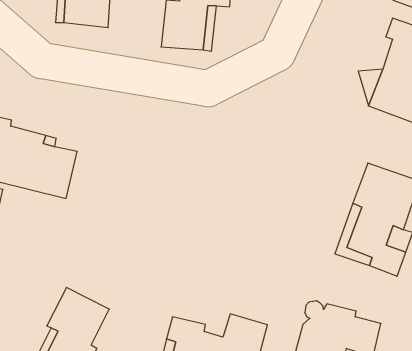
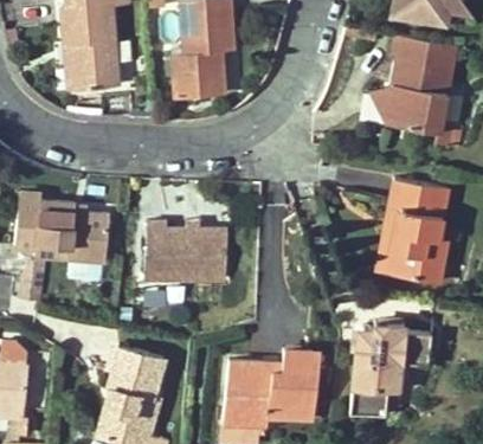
building: none -> [140,221,225,287]

